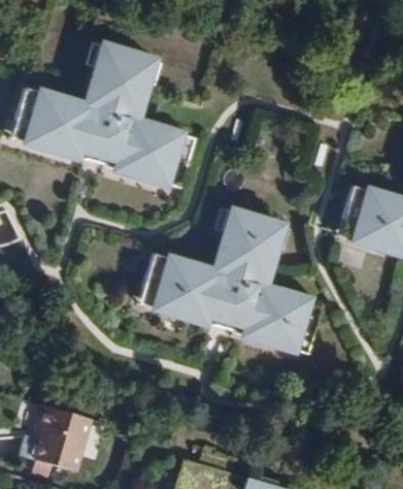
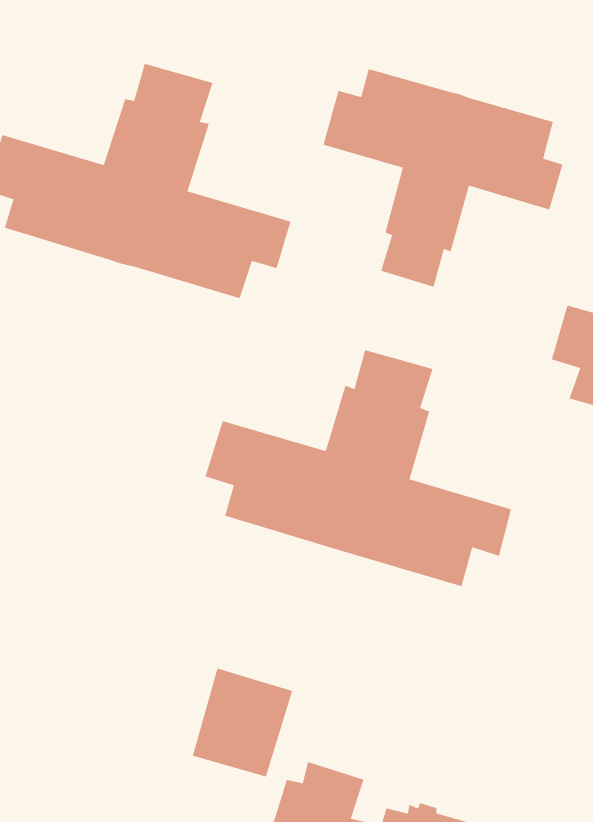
building: none -> [322,68,563,288]
building: [32,404,91,468] -> [192,667,293,778]

